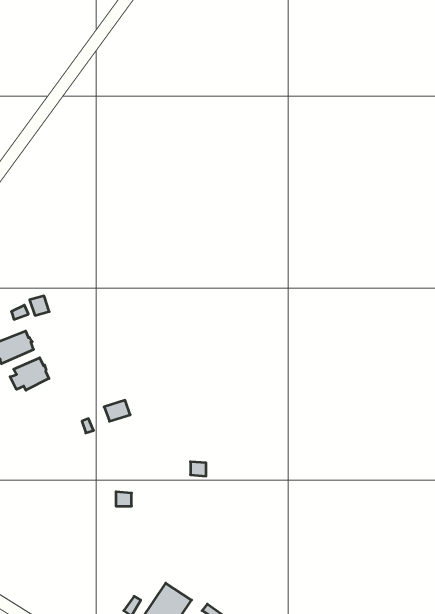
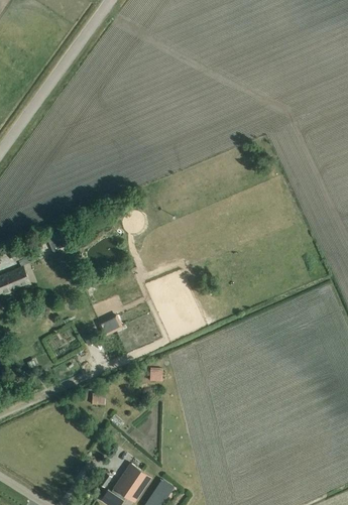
building: [10,358,49,390] -> none

